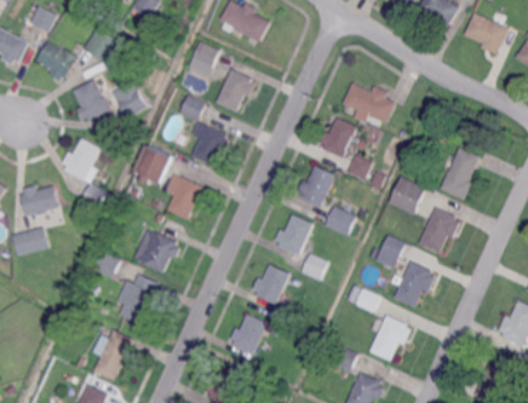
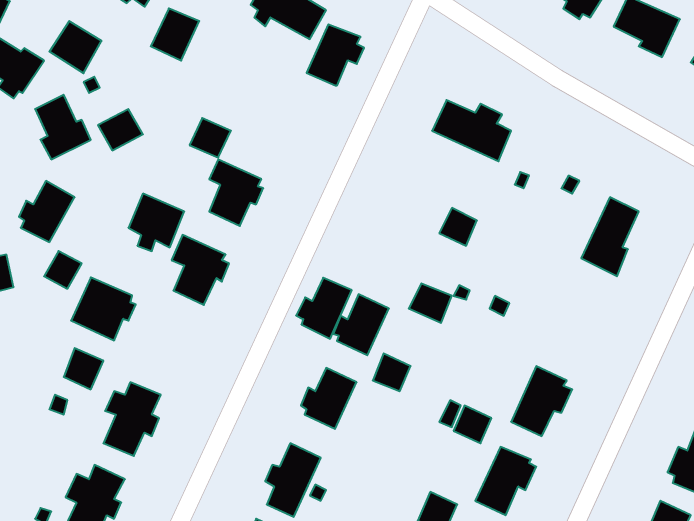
building: [185,41,218,76] -> [151,8,199,61]
building: [214,69,253,110] -> [307,24,364,85]
building: [318,116,356,157] -> none
building: [295,165,333,206] -> [296,278,352,339]
building: [388,178,425,214] -> none
building: [419,206,459,252] -> none
building: [133,228,177,270] -> [71,277,136,340]
building: [377,236,406,269] -> none

